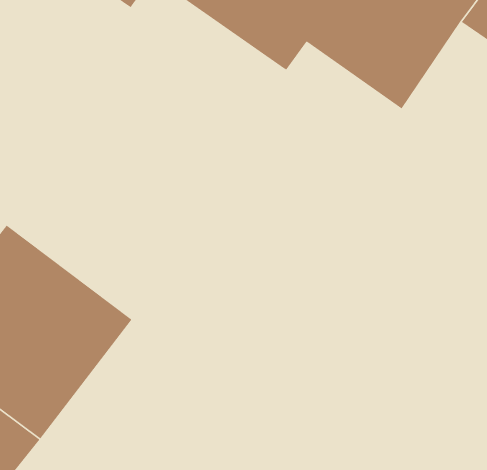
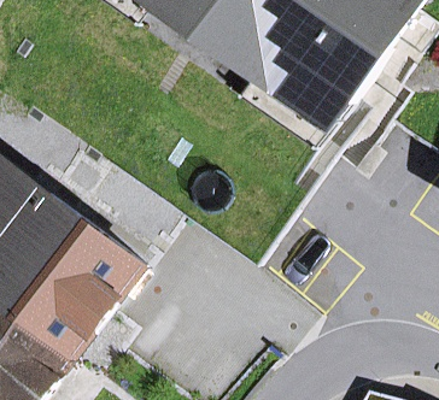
building: none -> [242,48,351,146]

